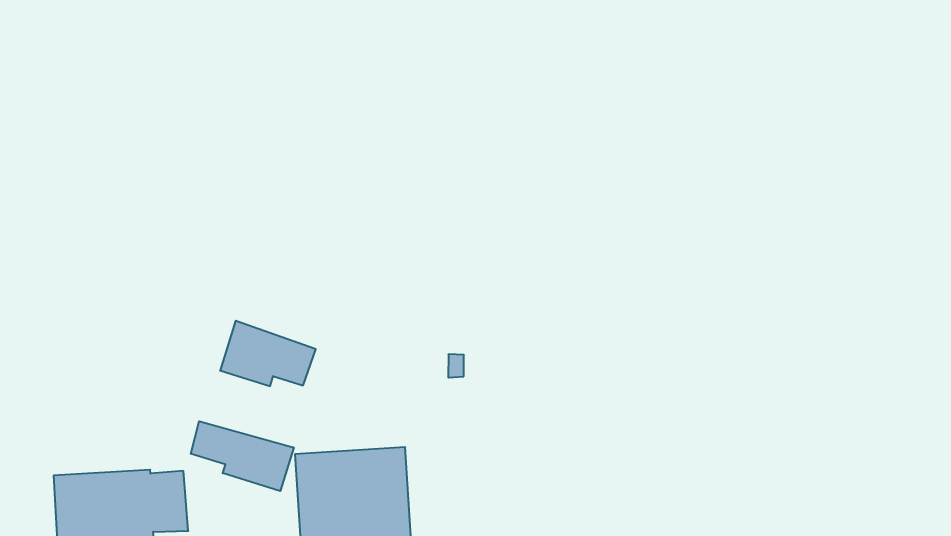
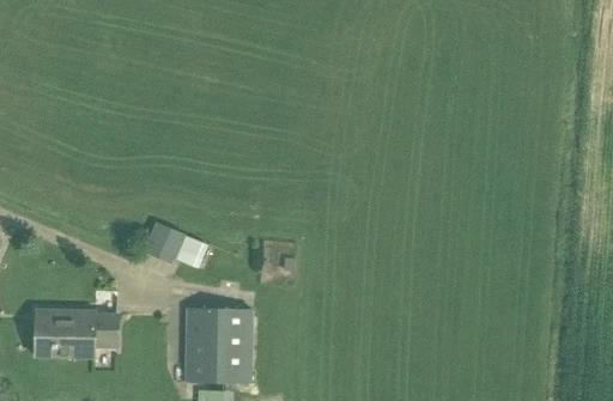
building: [191,421,294,491] -> none

